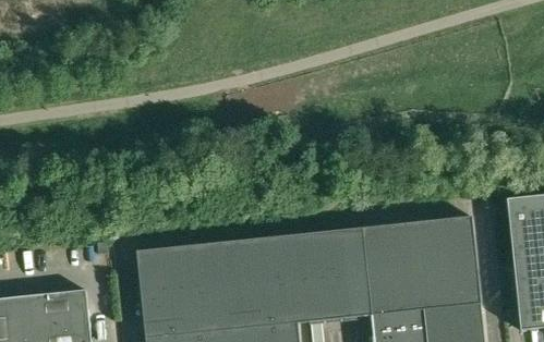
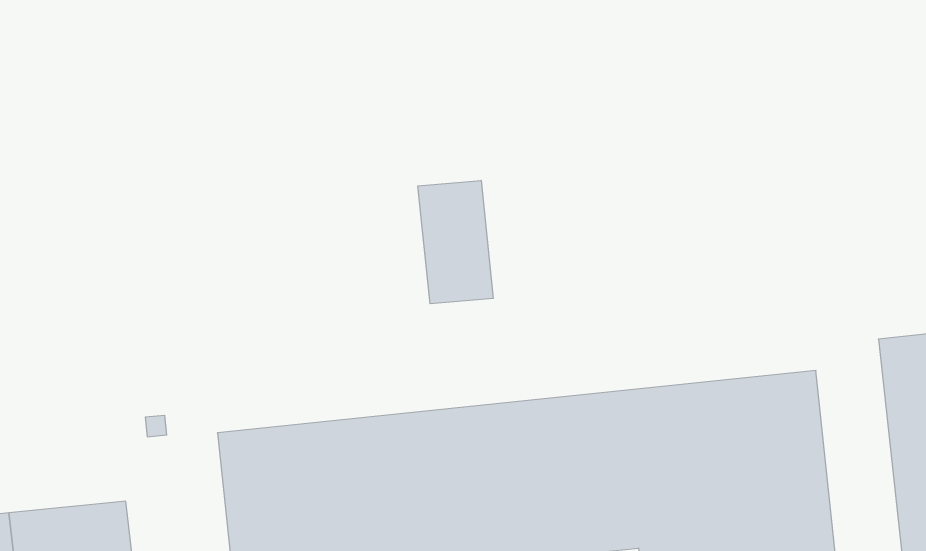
building: none -> [418,180,493,304]

